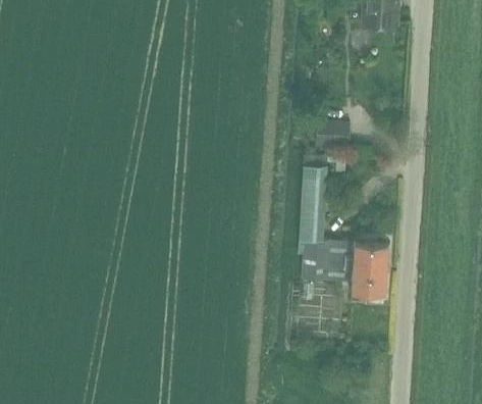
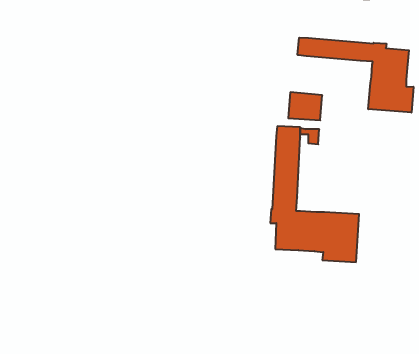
building: none -> [298,38,413,113]

